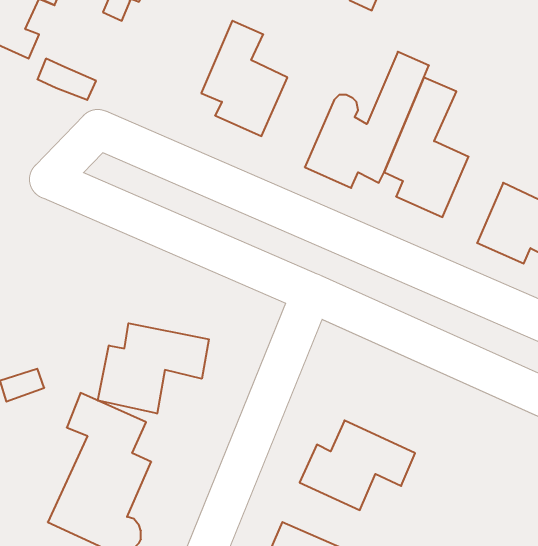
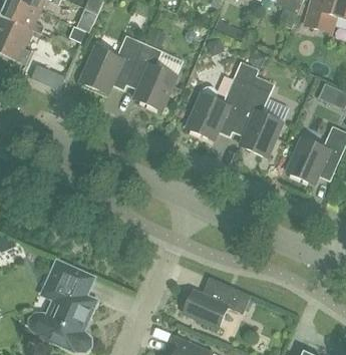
building: none -> [79,34,143,92]
building: [98,323,209,414] -> none

